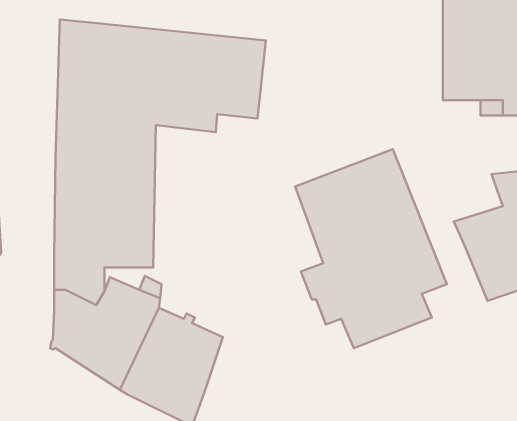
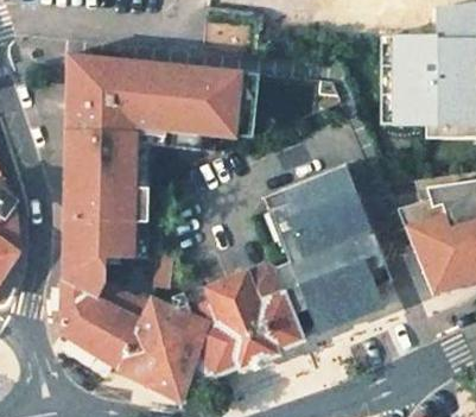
building: none -> [169,266,304,378]

